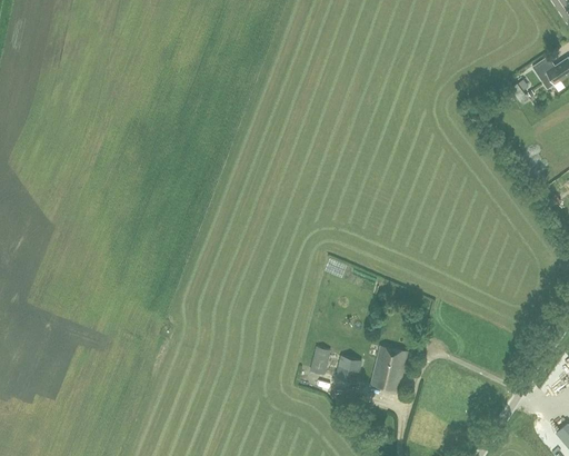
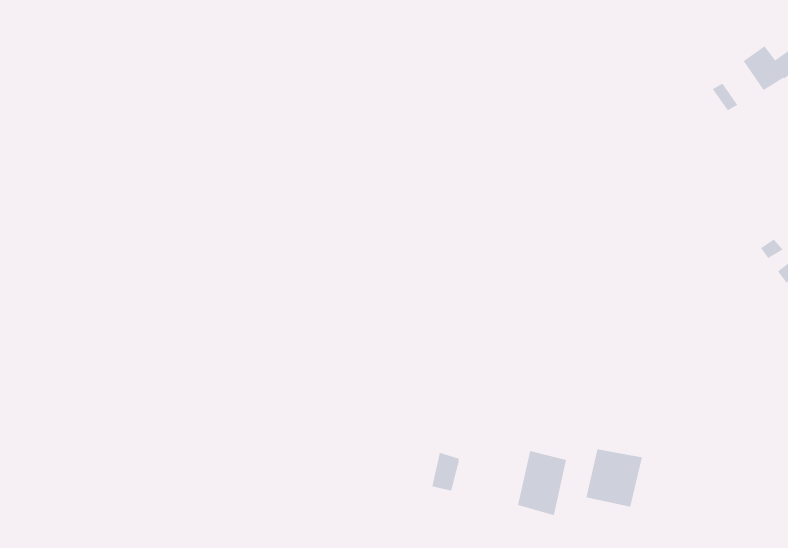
building: none -> [586,449,643,507]
building: [336,355,361,381] -> none

